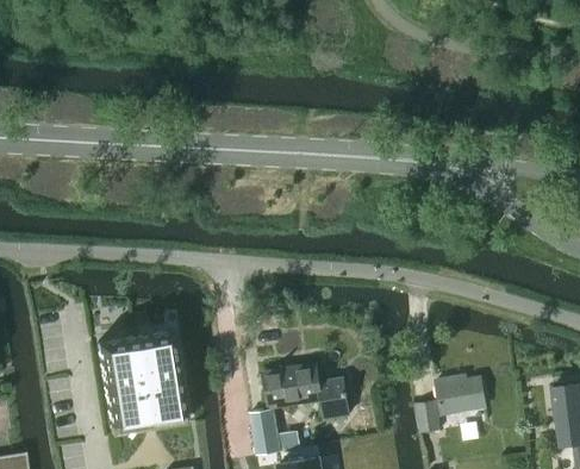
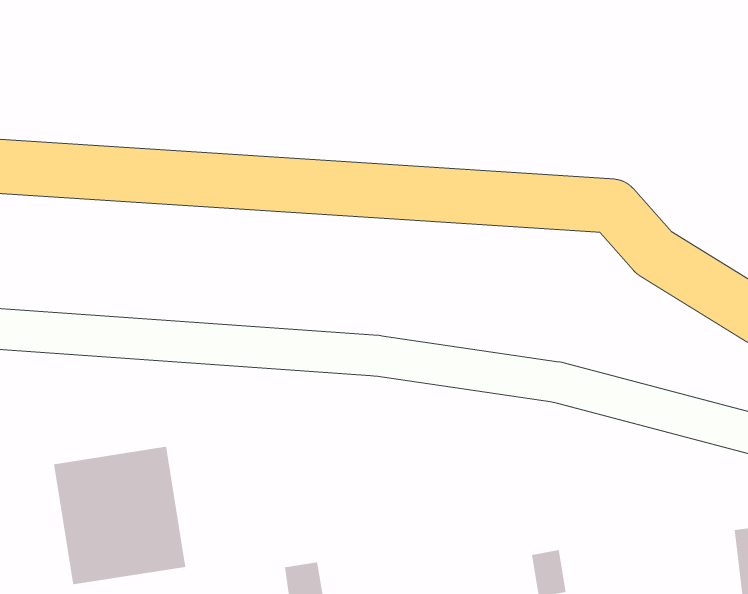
building: [262,364,349,418] -> none
building: [436,377,485,415] -> none

